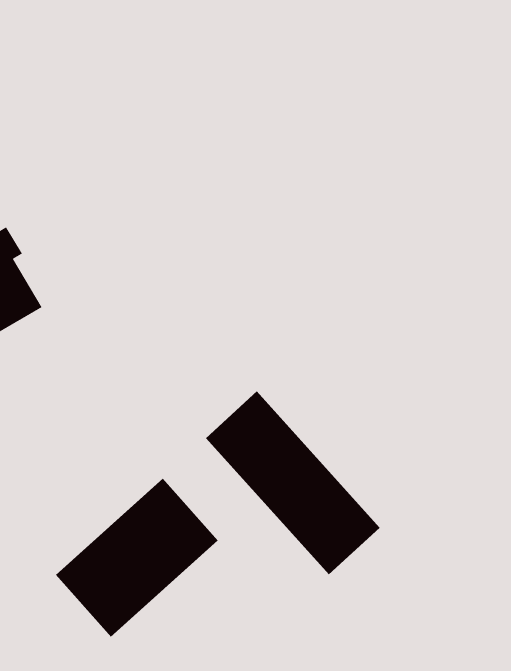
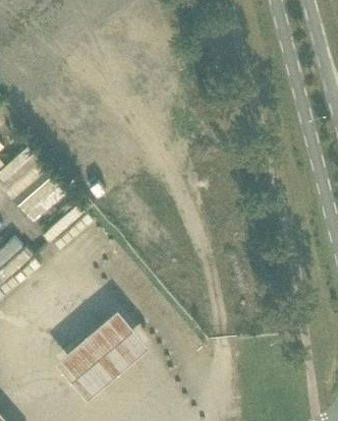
building: [205,391,380,575] -> none

